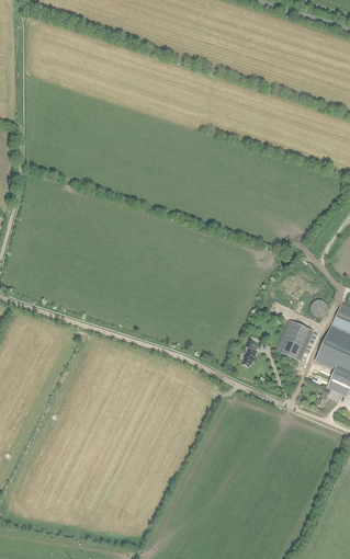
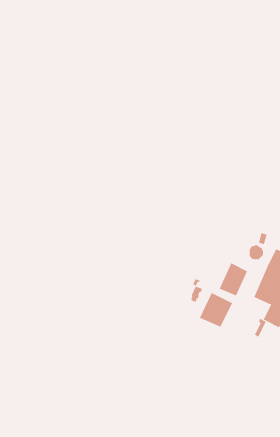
building: none -> [199,292,233,328]

